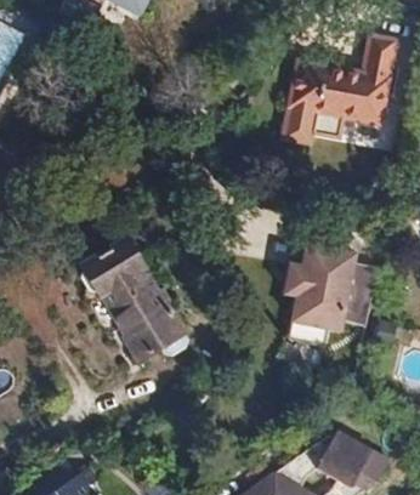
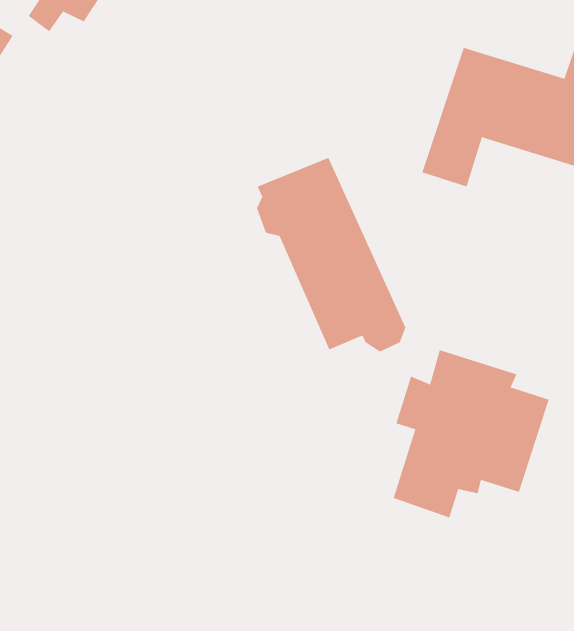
building: [83,239,185,358] -> [256,157,406,352]

